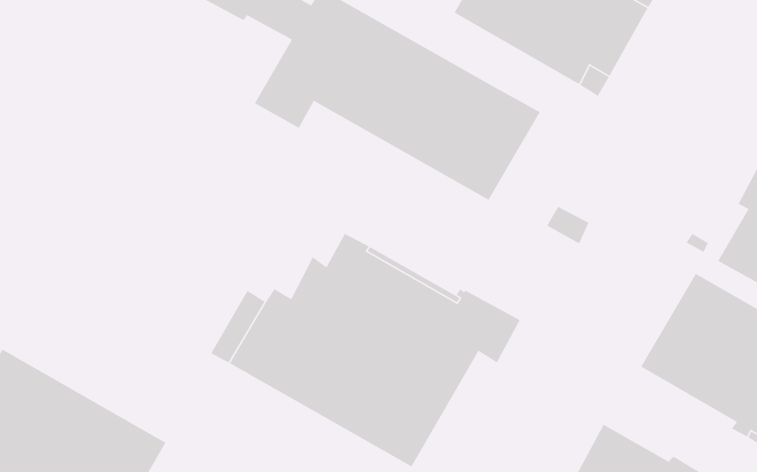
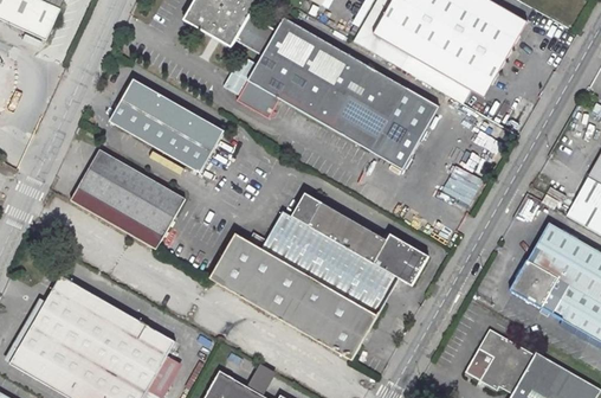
building: none -> [109,81,224,172]
building: none -> [69,149,185,249]

